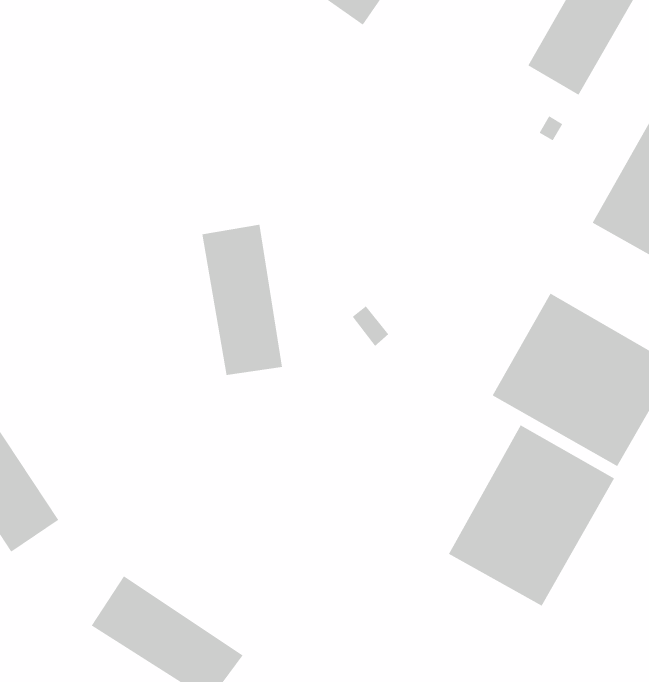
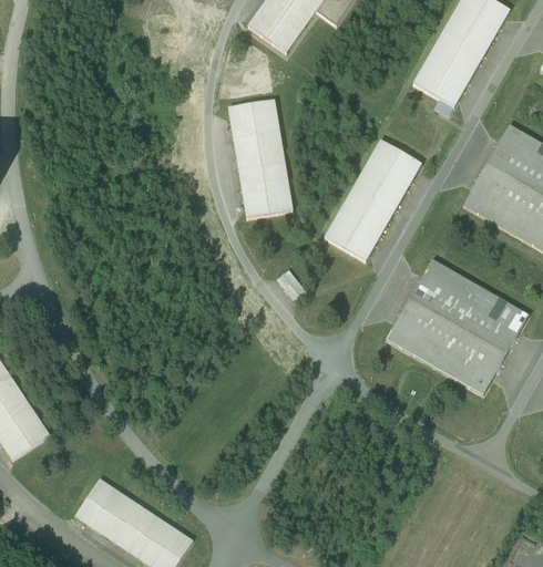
building: none -> [325,141,420,260]
building: [201,224,283,376] -> [228,100,291,217]
building: [448,424,615,607] -> none

